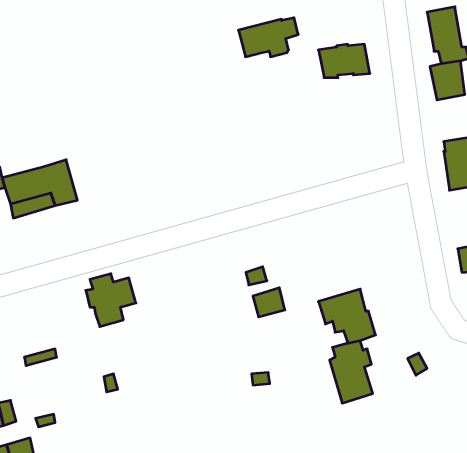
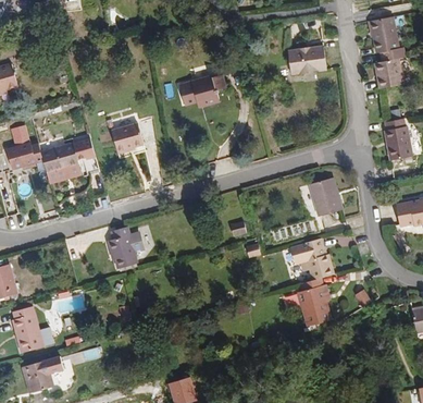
building: [238,18,298,57] -> [179,73,226,103]
building: none -> [111,123,142,152]
building: none -> [308,179,340,217]

